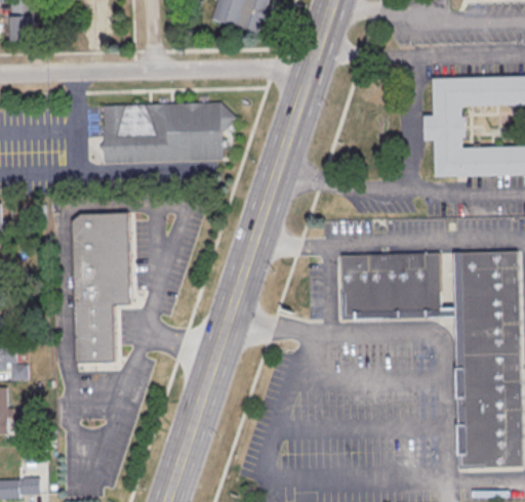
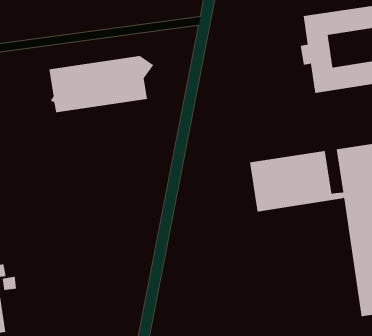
building: [73,211,132,361] -> none

